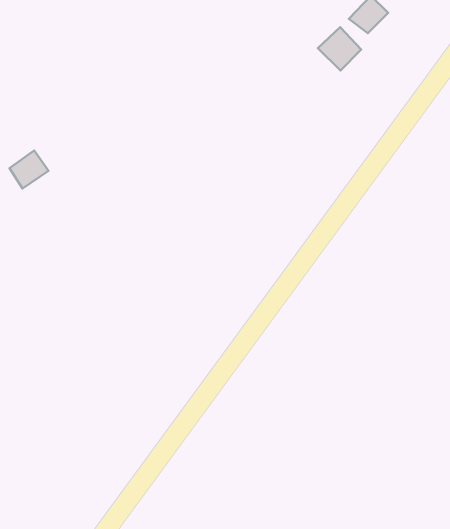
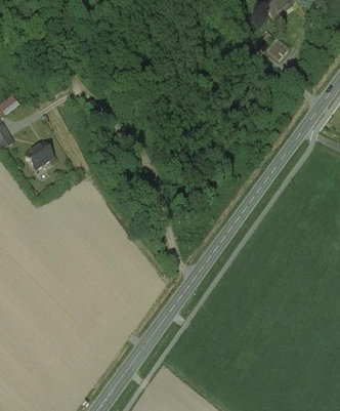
building: [318,27,361,71] -> none

